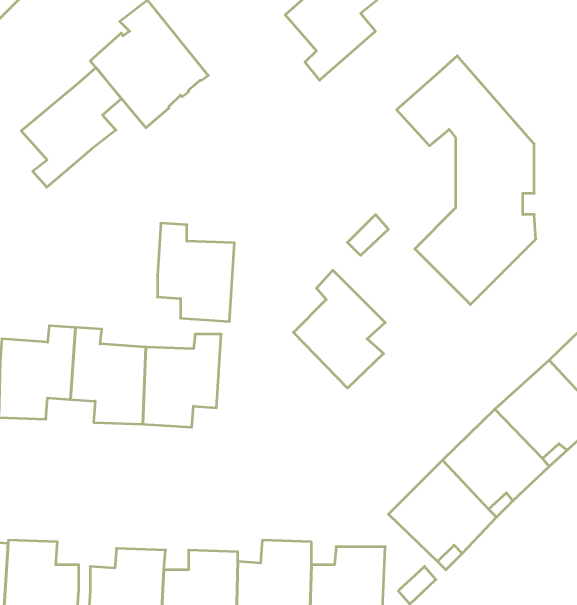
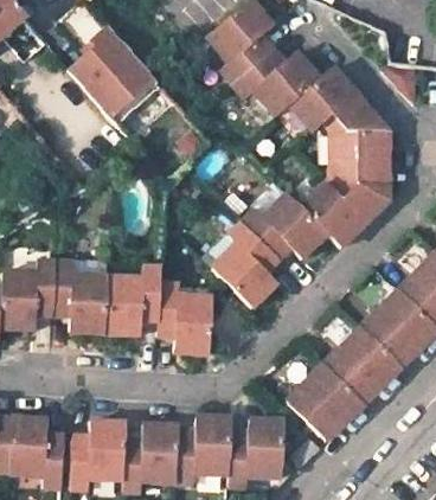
building: none -> [235,47,321,116]
building: [21,68,121,187] -> none
building: [157,223,234,321] -> [160,282,216,353]
building: none -> [244,191,329,258]

